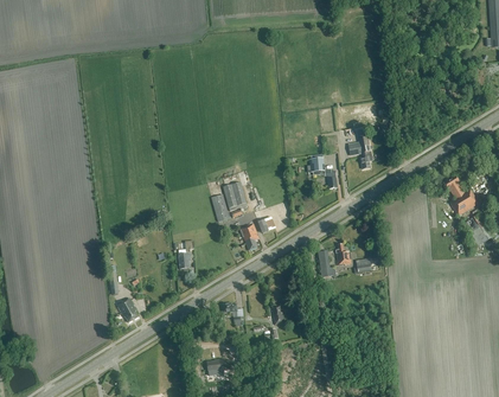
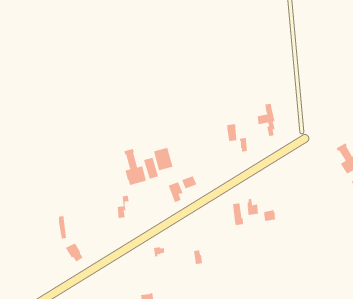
building: none -> [123,148,146,186]

